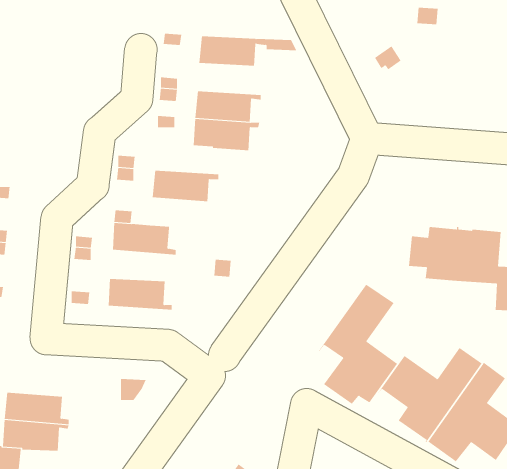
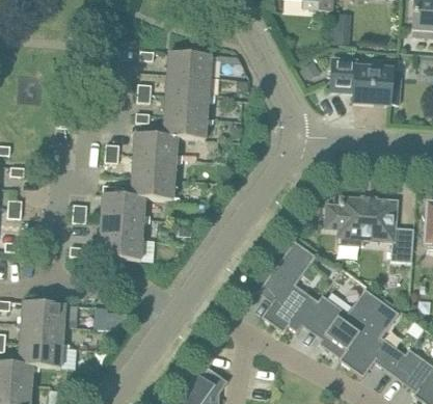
building: none -> [329,58,391,104]
building: none -> [165,73,215,97]
building: none -> [133,133,195,158]
building: none -> [130,174,179,200]
building: none -> [99,214,150,238]
building: none -> [21,301,77,325]

